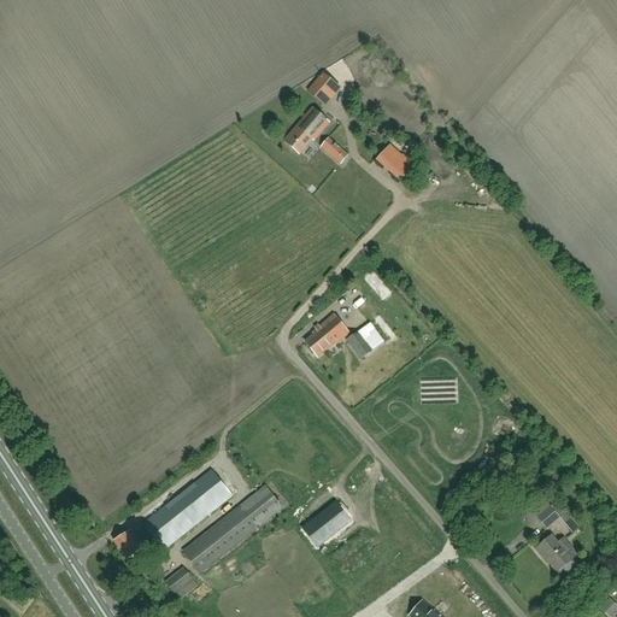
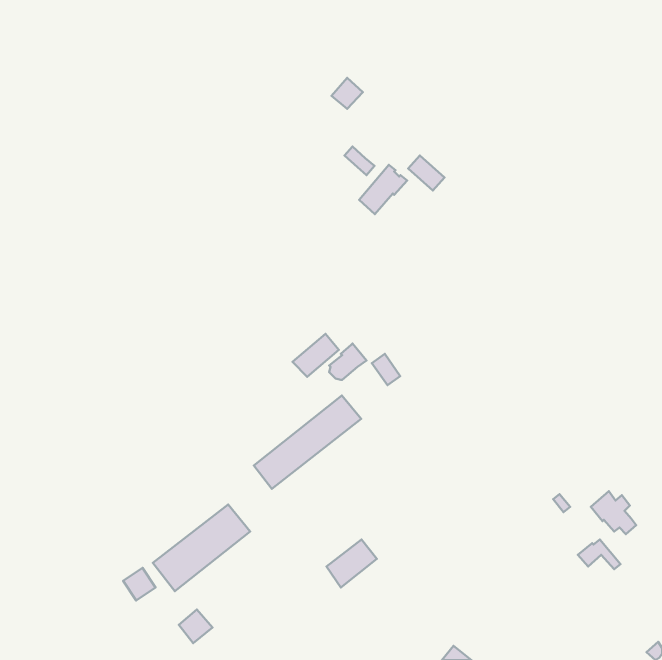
building: [284,107,329,153] -> [359,165,407,214]
building: none -> [293,334,339,377]
building: [183,484,283,571] -> [254,396,361,489]
building: [535,533,577,572] -> [591,491,636,534]

